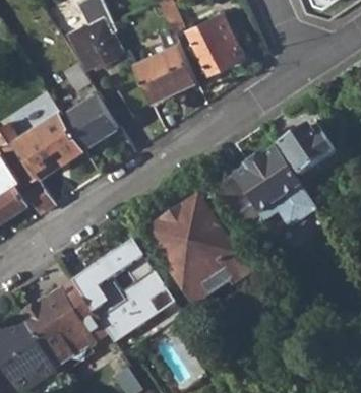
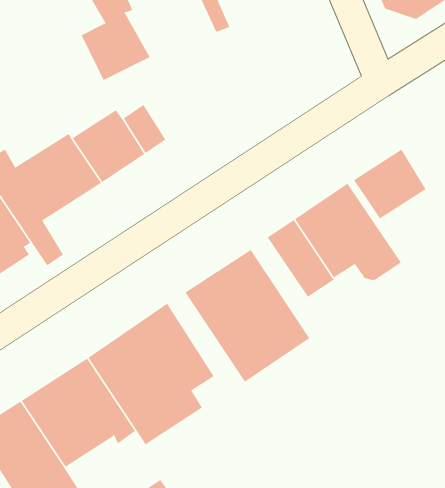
building: [187,10,243,69] -> none
building: [131,40,194,104] -> none

